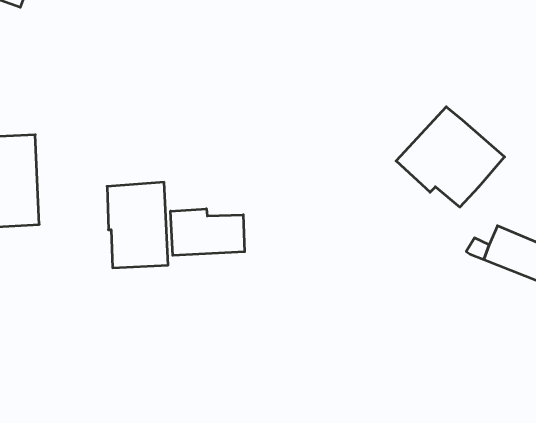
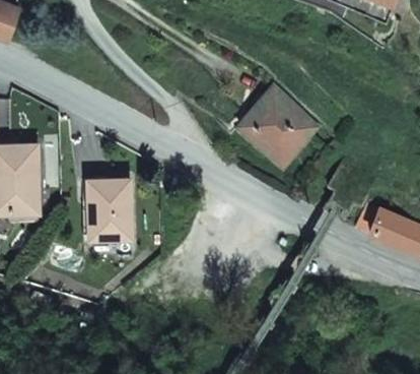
building: [396,107,505,207] -> [233,86,314,162]
building: [171,209,245,255] -> none

